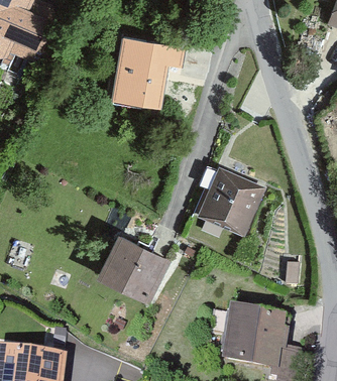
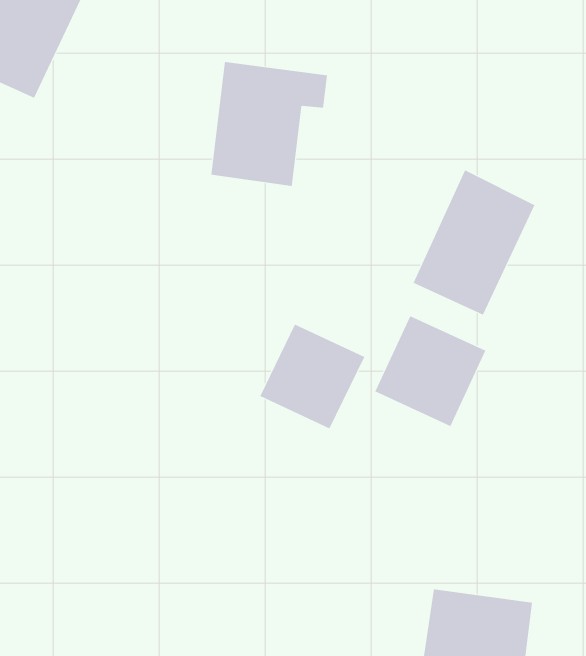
building: none -> [413,170,535,315]
building: [105,240,159,294] -> [259,324,365,429]

